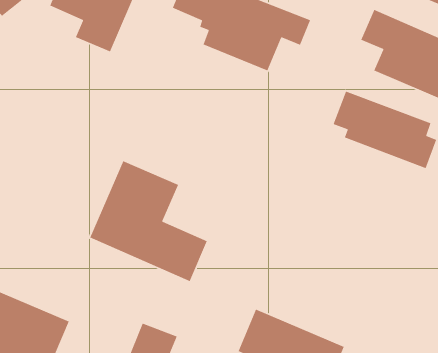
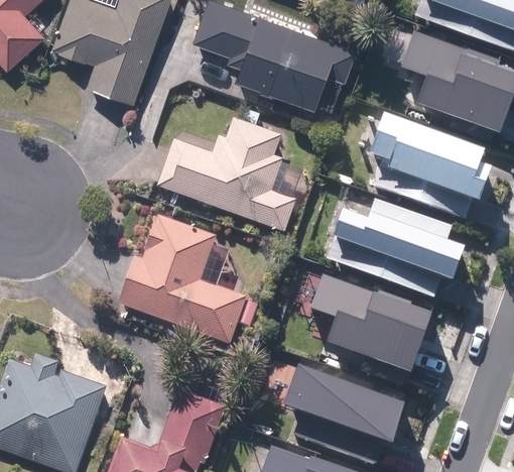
building: none -> [161,121,300,230]
building: none -> [334,213,473,288]
building: none -> [313,283,442,379]

